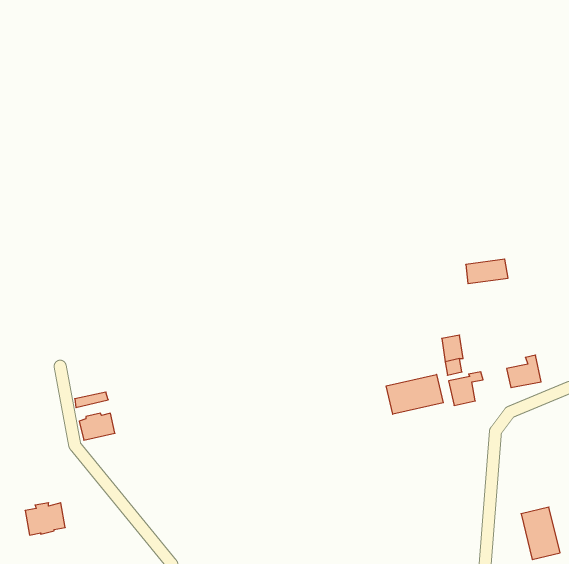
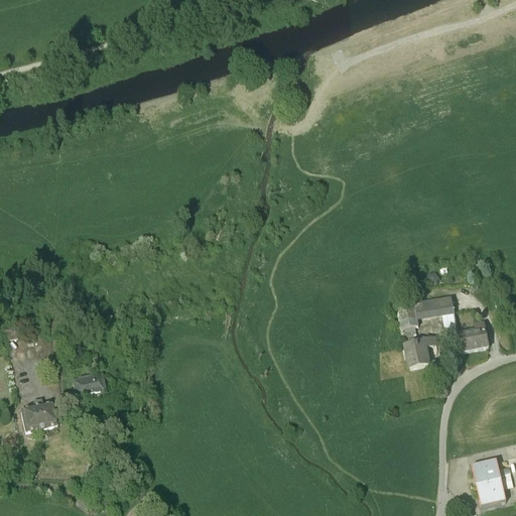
building: [466,259,508,284] -> [416,295,455,317]
building: [386,374,443,414] -> none
building: [25,503,65,535] -> [19,401,55,430]

